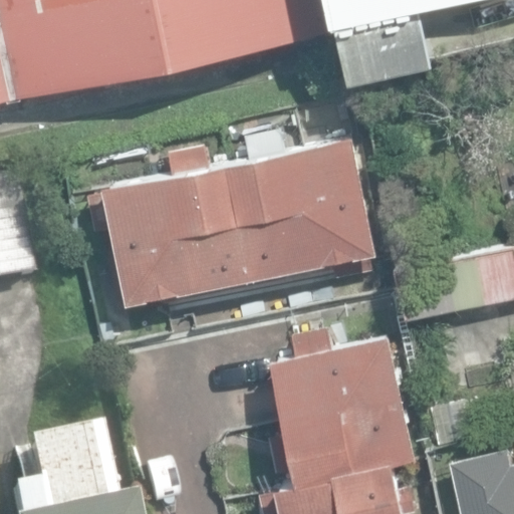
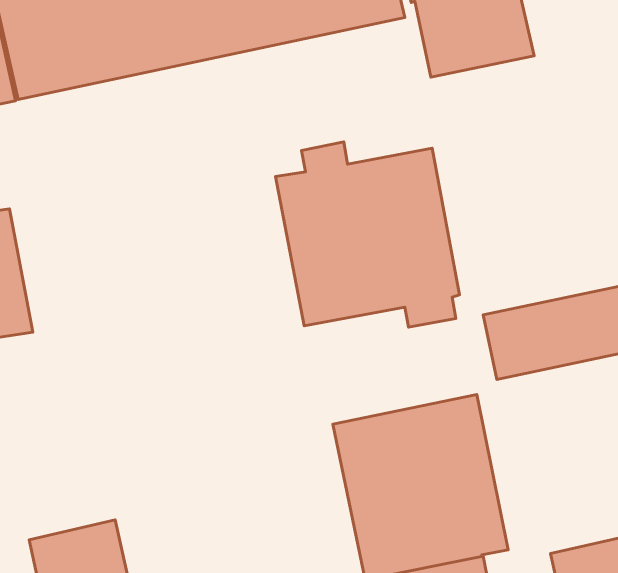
building: [101,150,247,306] -> none

